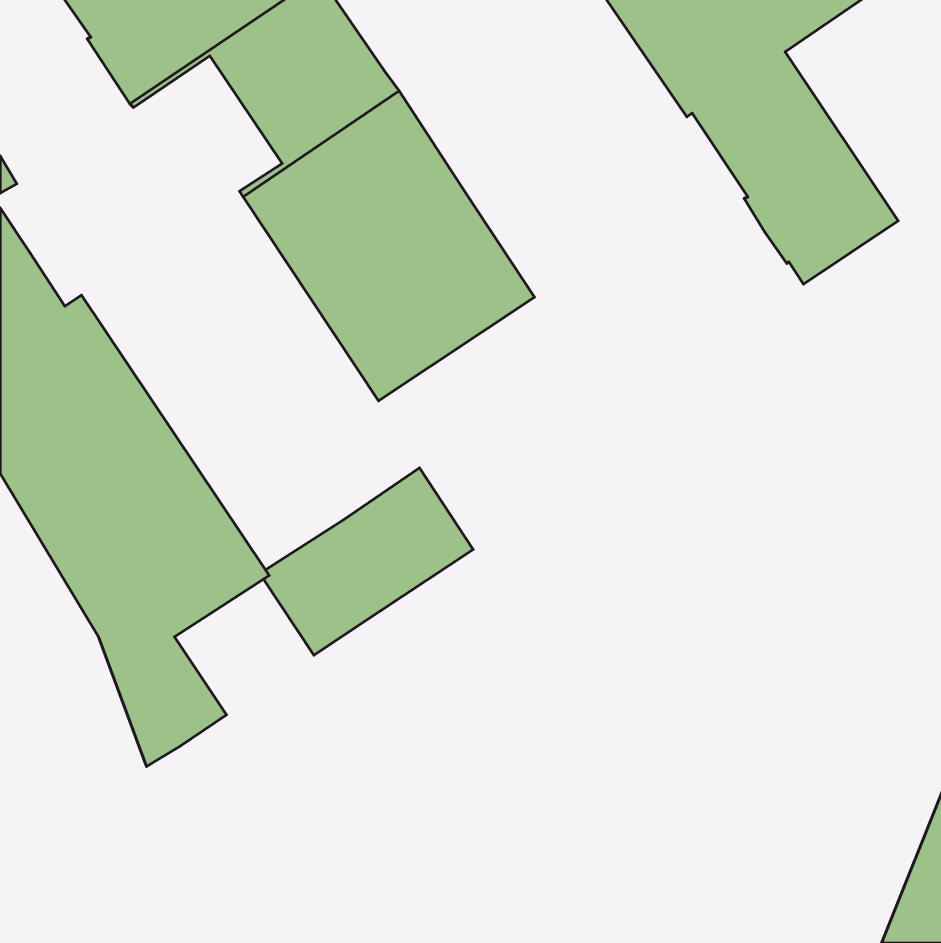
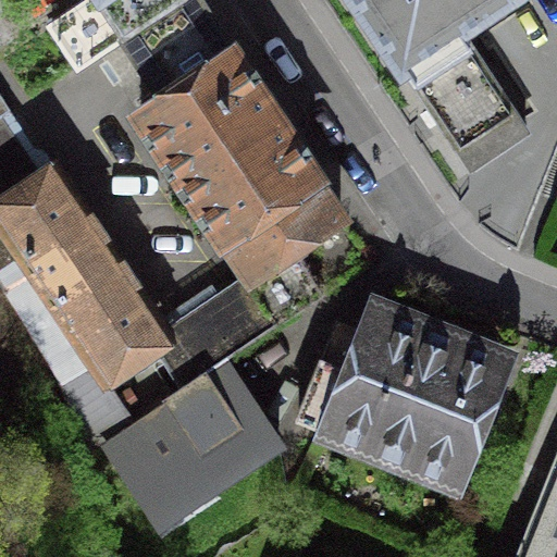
building: none -> [226,174,346,322]
building: none -> [304,321,499,476]
building: none -> [110,358,284,521]

